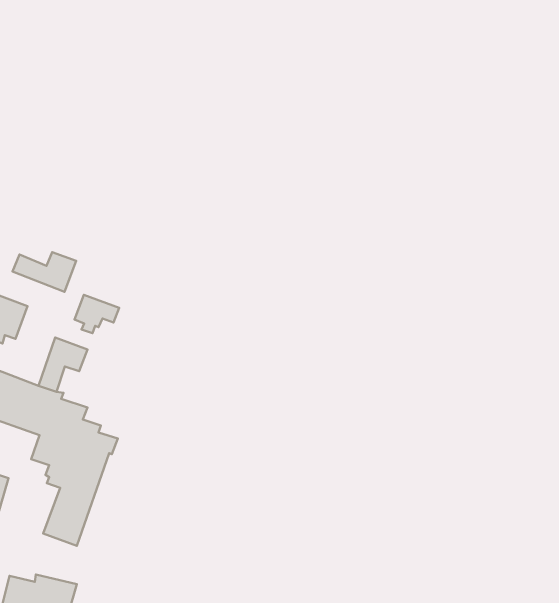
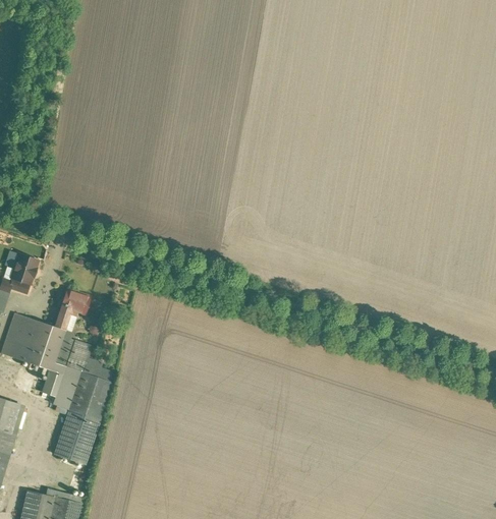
building: [12,252,76,292] -> none
building: [75,295,119,333] -> none

